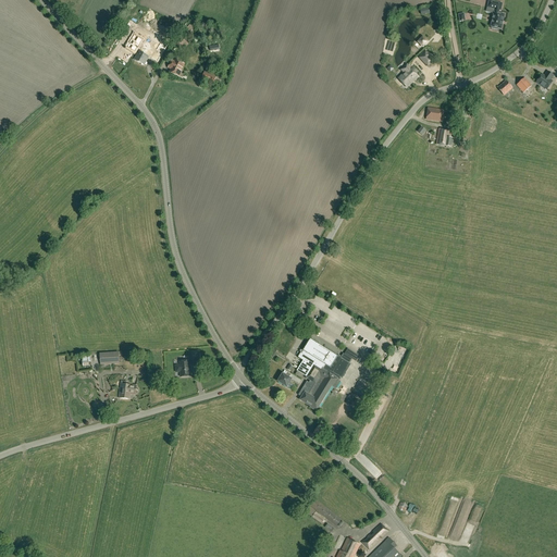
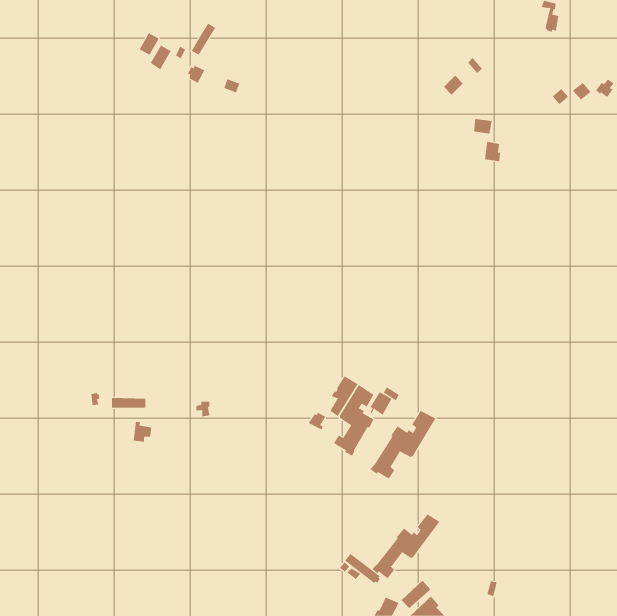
building: none -> [370,410,436,480]
building: none -> [372,514,440,579]

